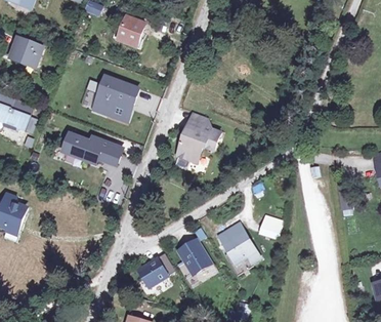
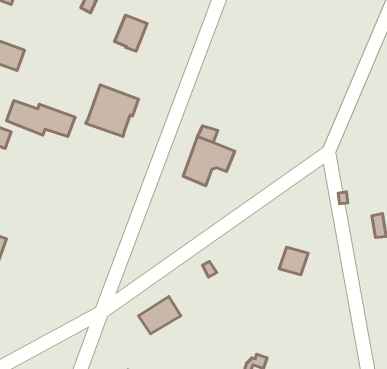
building: [65,133,123,164] -> [7,100,75,136]
building: [217,225,259,266] -> none
building: [178,242,209,276] -> none

